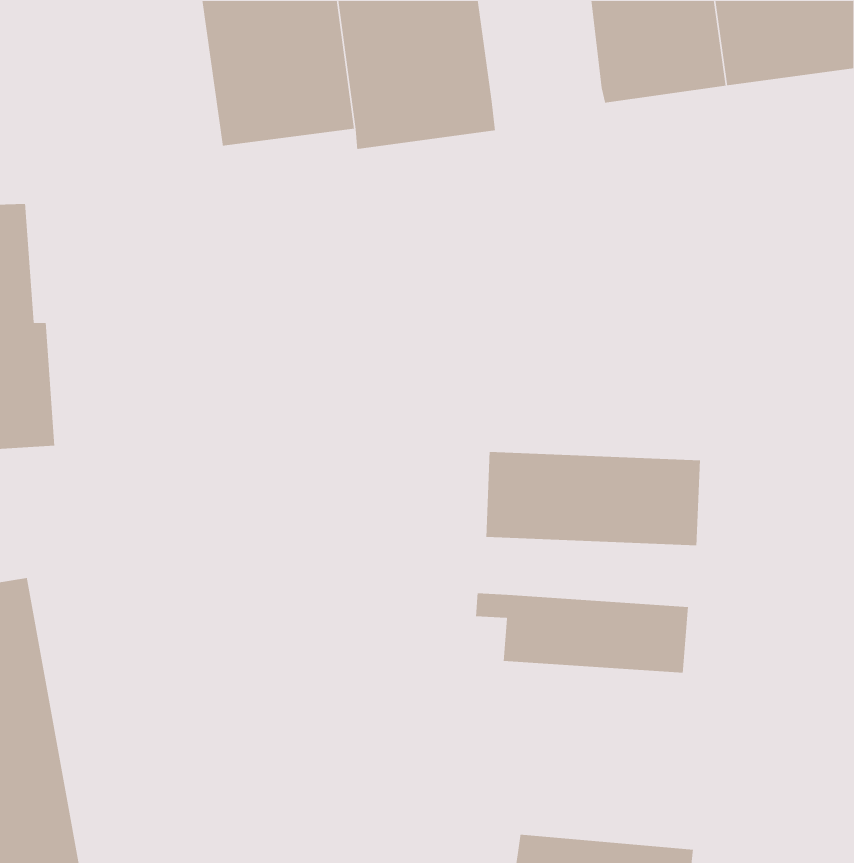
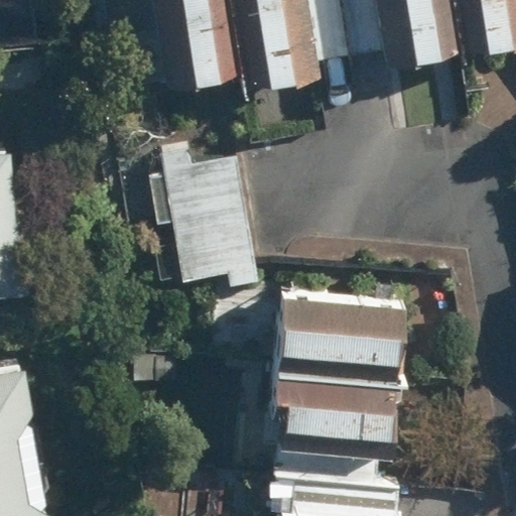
building: none -> [142,149,254,281]
building: none -> [272,426,389,500]

